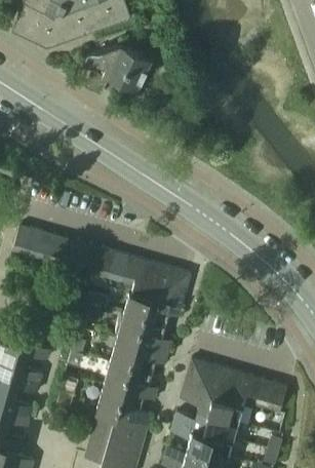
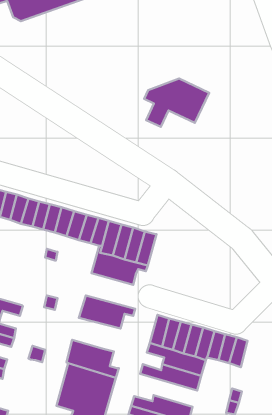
building: [83,44,152,95] -> [144,78,209,127]
building: [116,315,171,353] -> none
building: [102,362,157,400] -> none
building: [171,422,234,457] -> none

